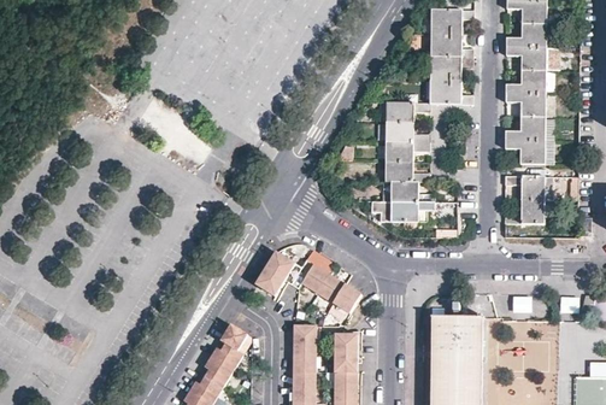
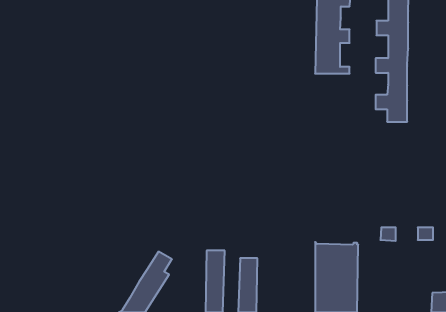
building: [384,101,434,222] -> none
building: [504,175,545,222] -> none
building: [254,251,360,312] -> none

